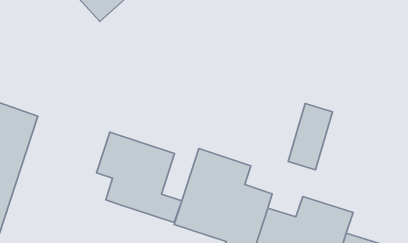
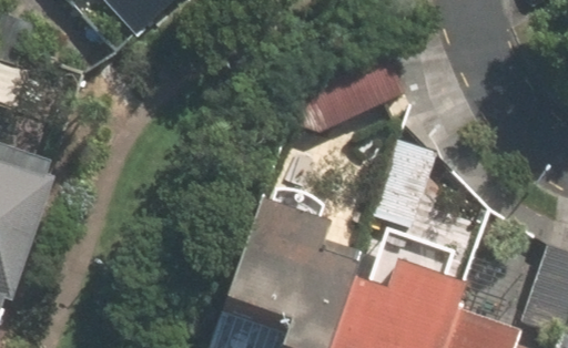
building: [97,132,182,222] -> none

